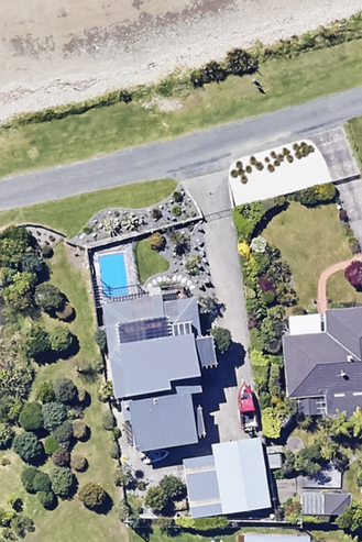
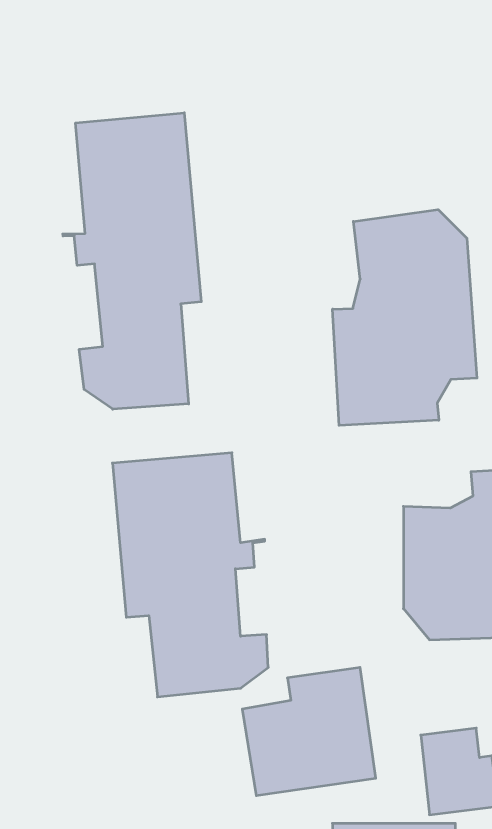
building: none -> [63,113,201,409]
building: none -> [333,210,477,425]

